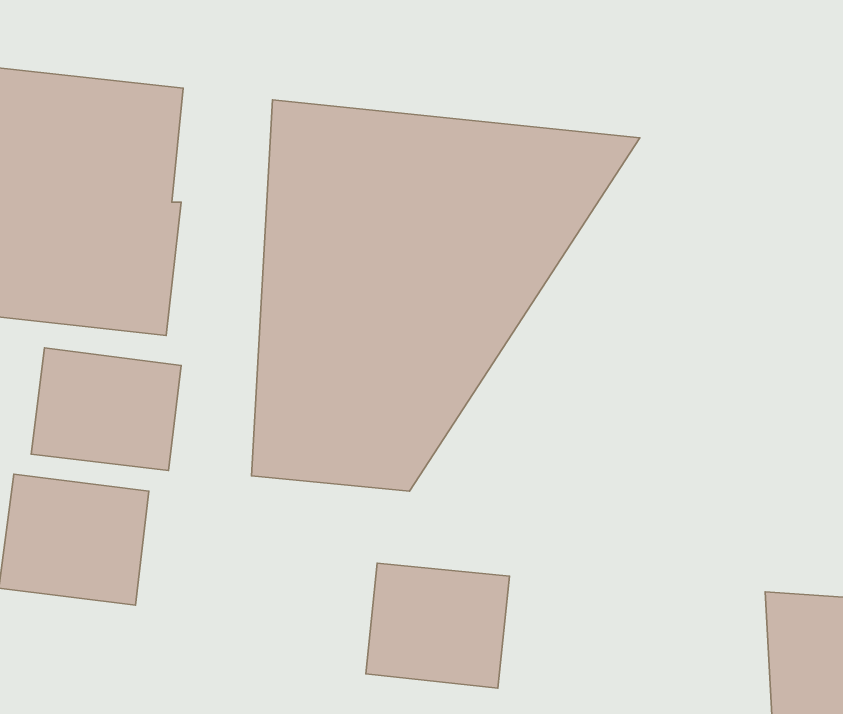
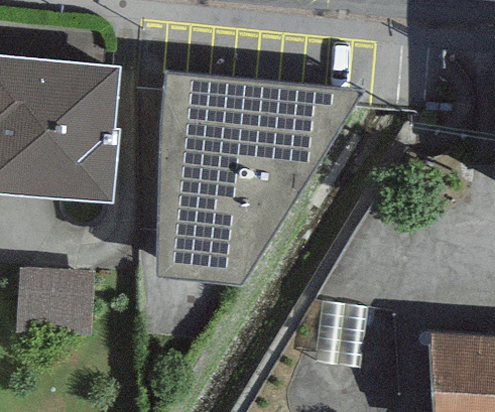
building: [31,348,181,471] -> none
building: [366,563,509,688] -> none

